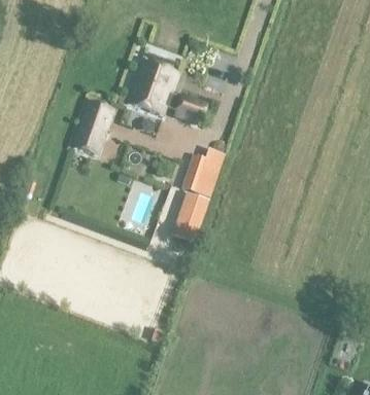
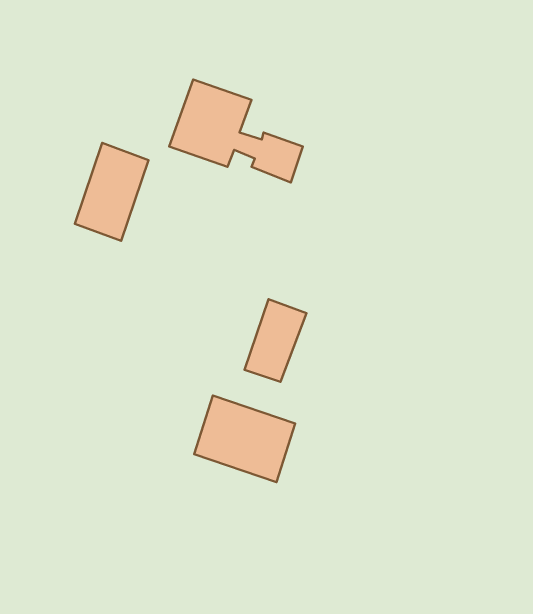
building: [183,151,222,193] -> none
building: none -> [194,395,295,482]

